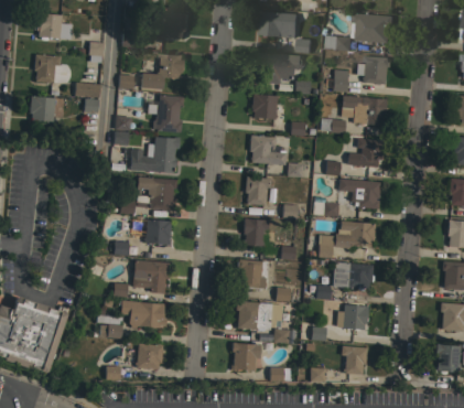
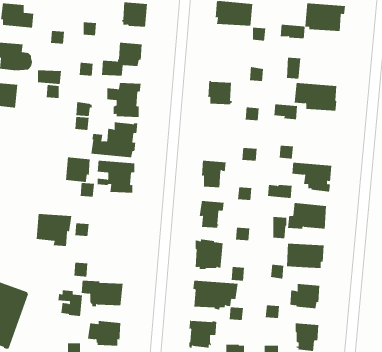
building: [253,53,305,84] -> none
building: [360,56,390,85] -> none
building: [250,136,287,165] -> none
building: [348,139,380,168] -> none
building: [145,219,172,246] -> [65,157,91,182]
building: [133,260,171,294] -> [36,214,72,247]

